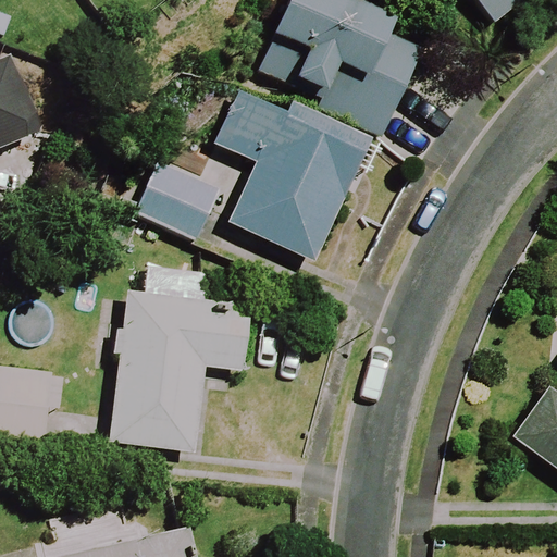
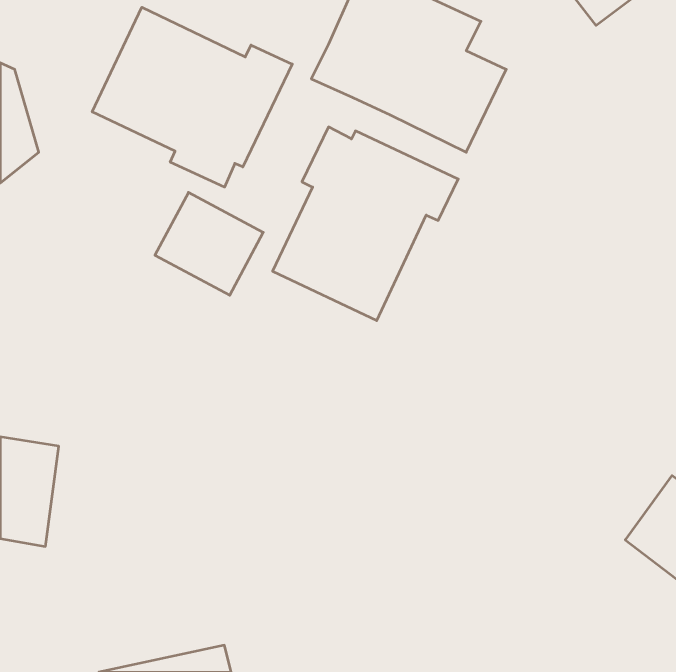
building: none -> [92,7,292,187]
building: [108,265,249,450] -> none

